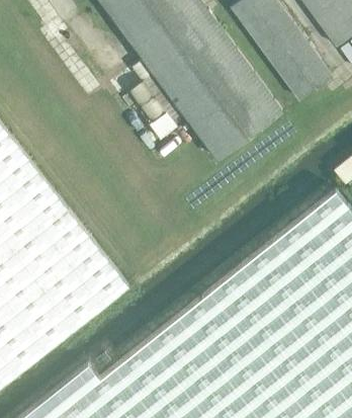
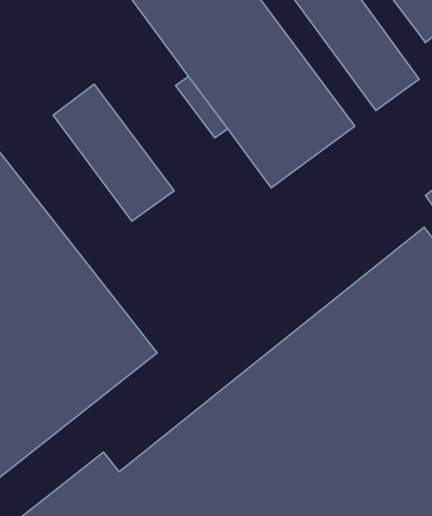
building: none -> [53,84,174,221]

